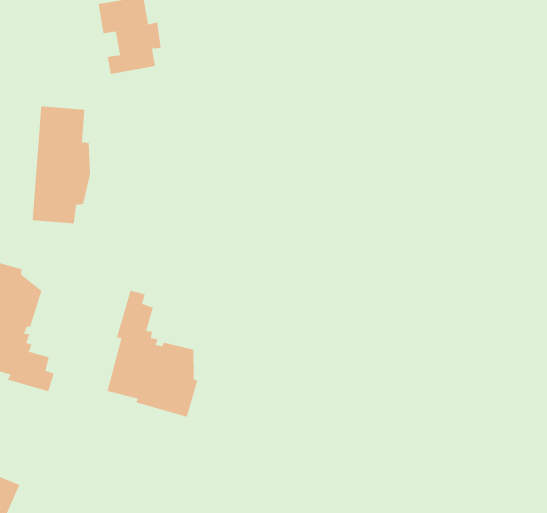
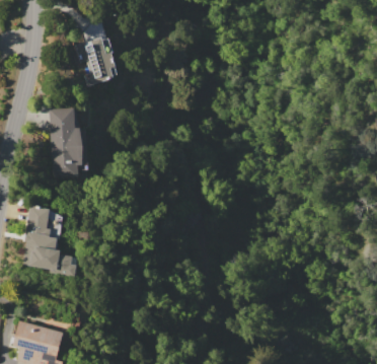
building: [107,290,198,417] -> none

